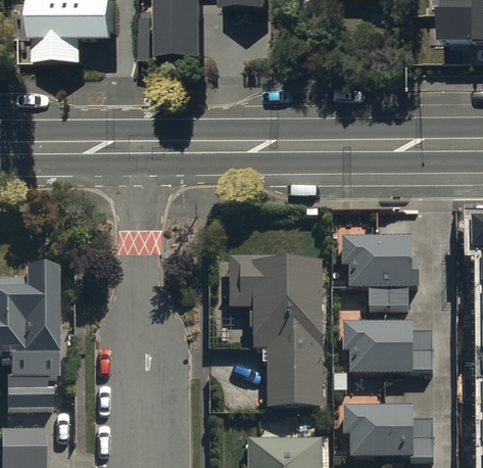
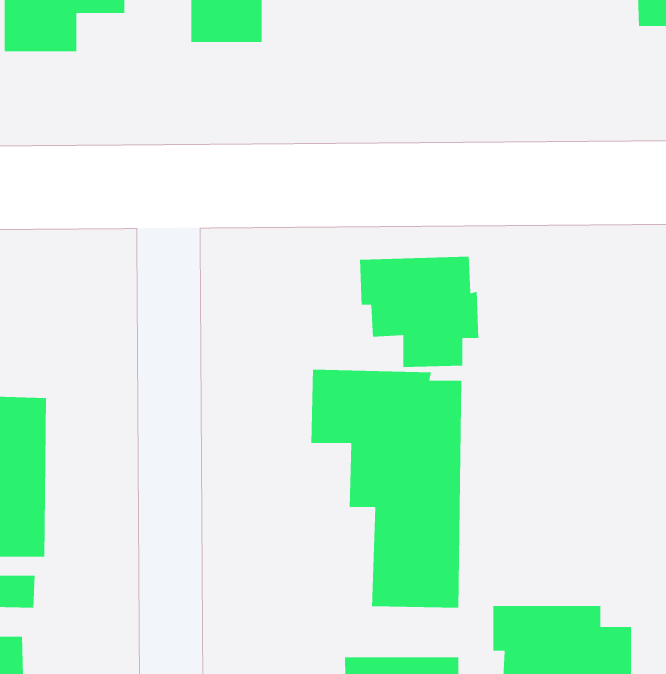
building: [343,236,420,308] -> [359,256,479,368]
building: [344,324,433,373] -> none

